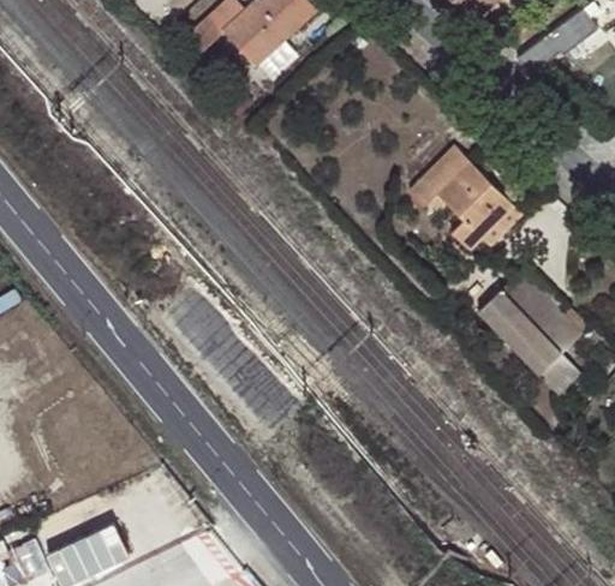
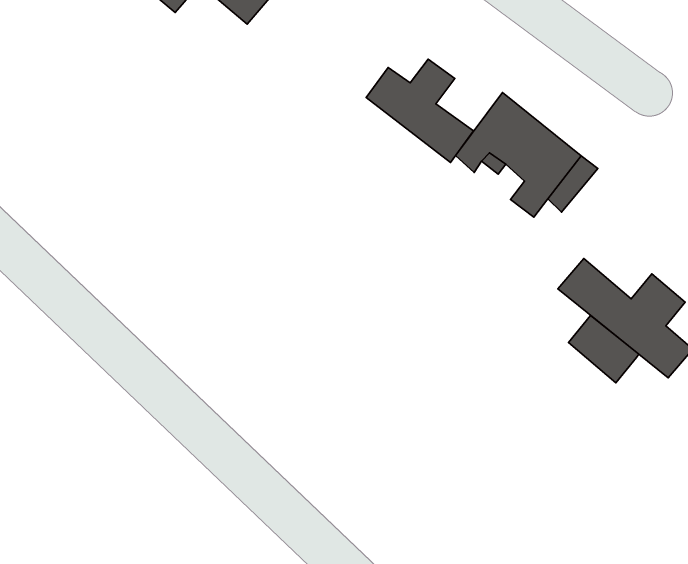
building: none -> [366,59,474,162]
building: [501,270,556,327] -> [569,316,639,383]

